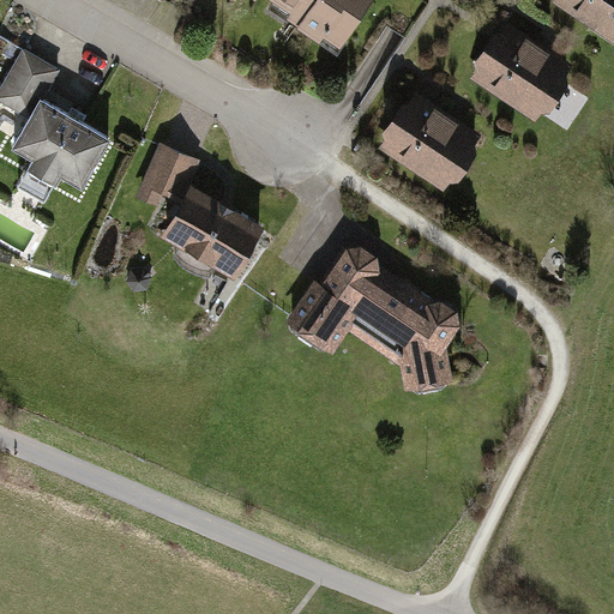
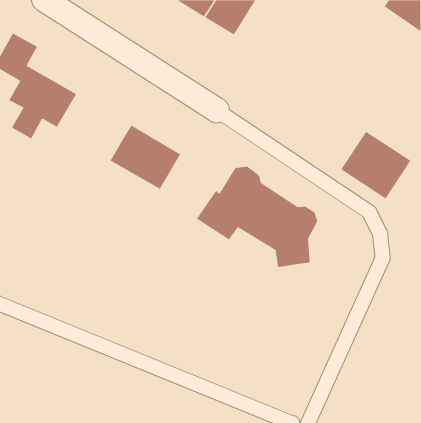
building: [474,29,577,128] -> none
building: [389,101,492,200] -> [340,131,412,200]
building: [131,139,193,204] -> none

